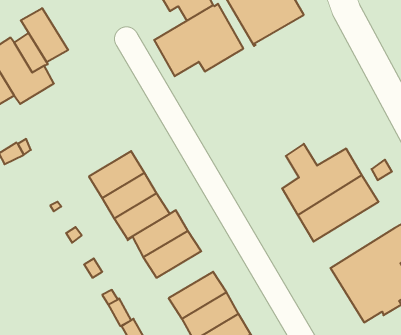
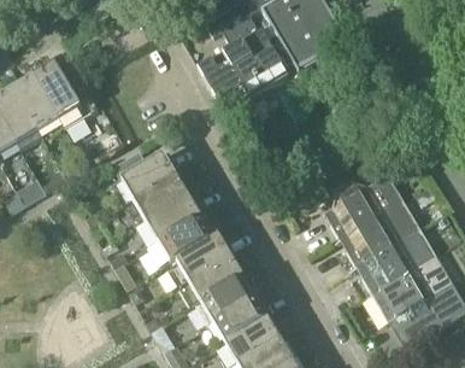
building: [21,8,68,62] -> none
building: none -> [108,148,172,201]
building: none -> [354,224,435,291]
building: none -> [198,274,254,321]

